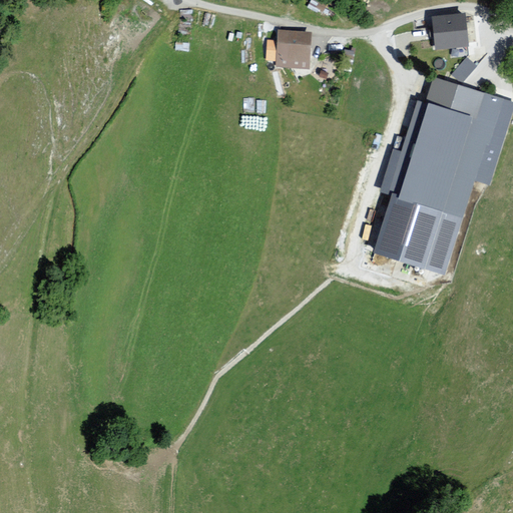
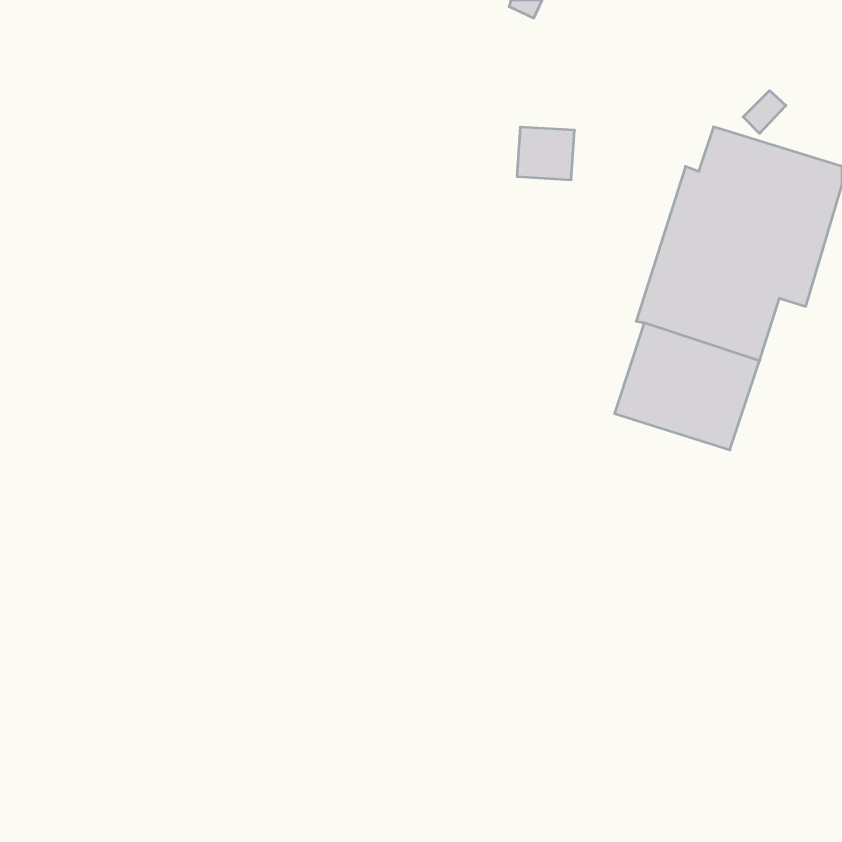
building: [432,16,468,50] -> none
building: [276,31,311,63] -> [517,127,575,180]

